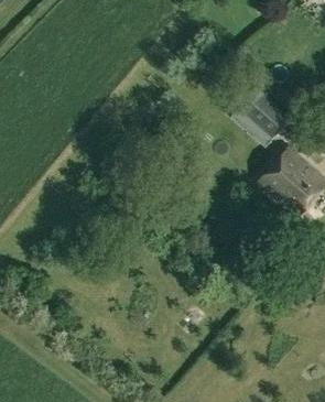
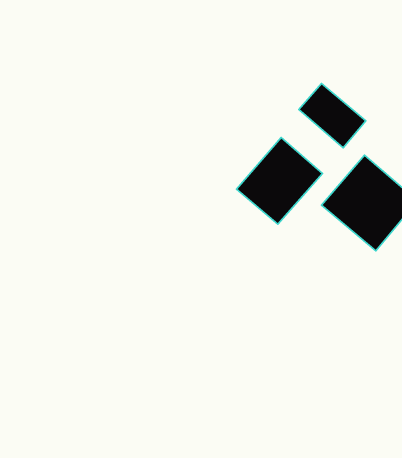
building: none -> [237,137,322,224]

